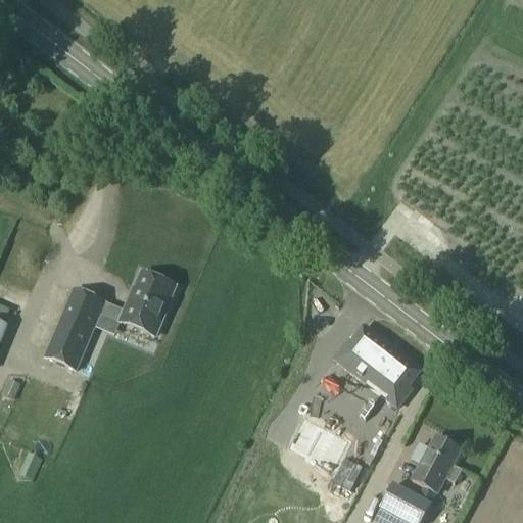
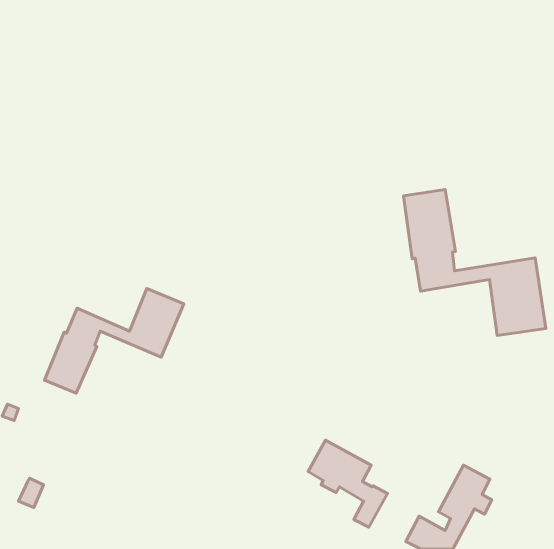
building: none -> [404,190,546,335]
building: [336,325,422,406] -> none

